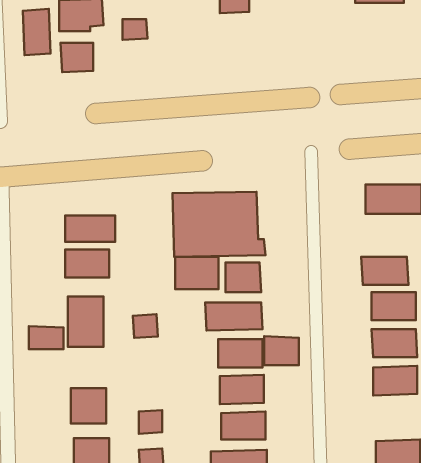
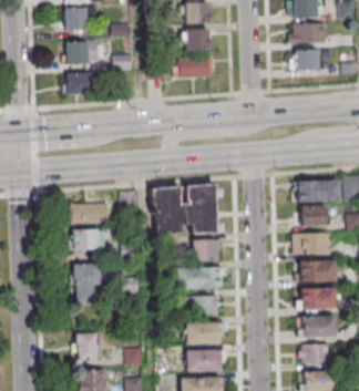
building: [23,9,50,55] -> none
building: none -> [291,49,317,70]
building: none -> [174,56,211,79]
building: none -> [298,206,325,225]
building: [175,257,219,289] -> none
building: [29,326,63,349] -> none
building: [264,336,299,365] -> none
building: none -> [302,344,330,364]

